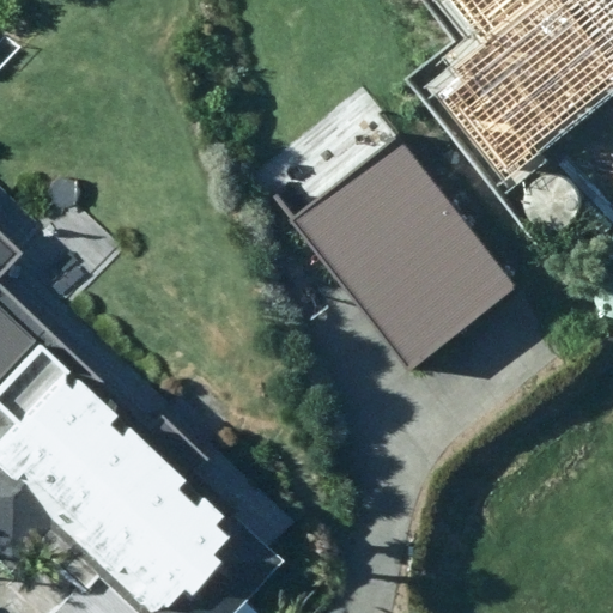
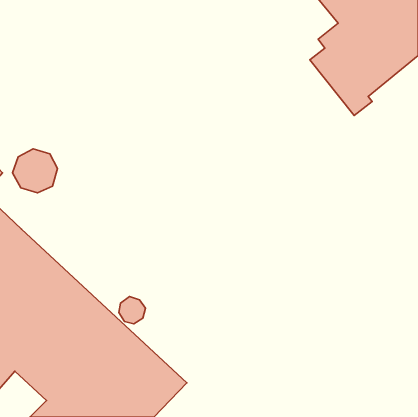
building: [289,136,516,374] -> none

